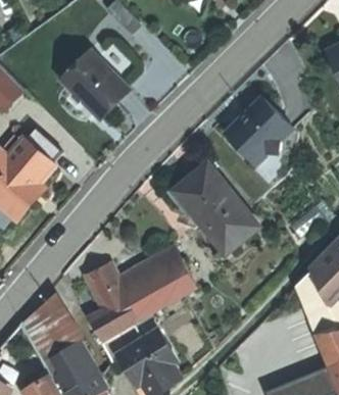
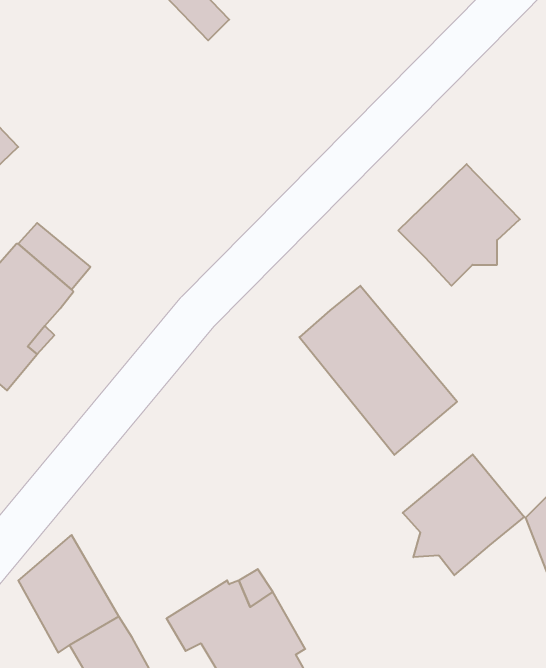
building: [59,52,125,116] -> none
building: [85,243,193,342] -> none
building: none -> [403,454,524,575]

